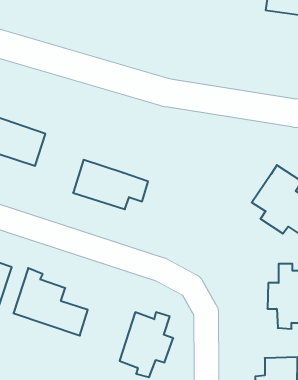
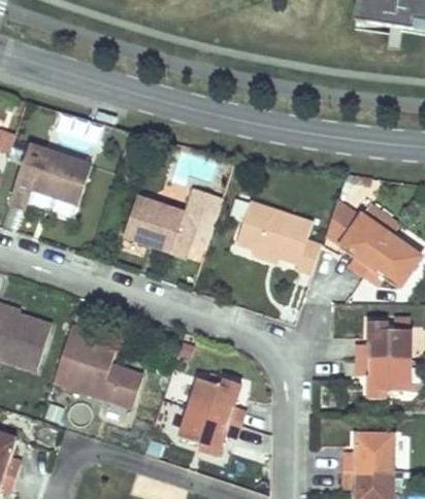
building: none -> [185,188,223,223]
building: none -> [324,198,361,247]
building: none -> [237,203,322,273]

